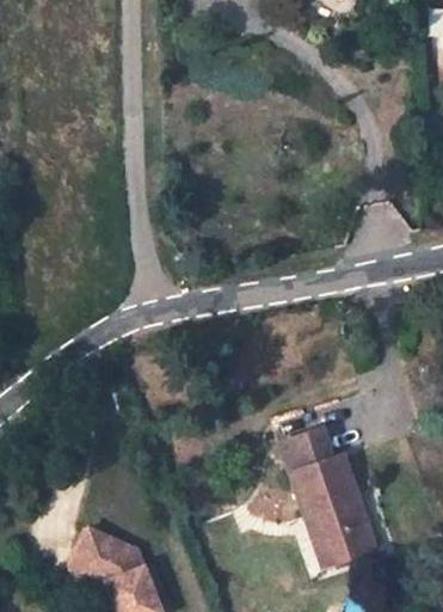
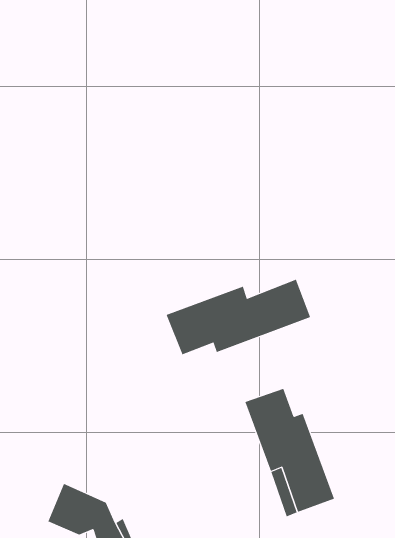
building: none -> [166,279,311,355]

